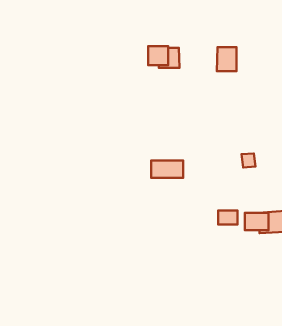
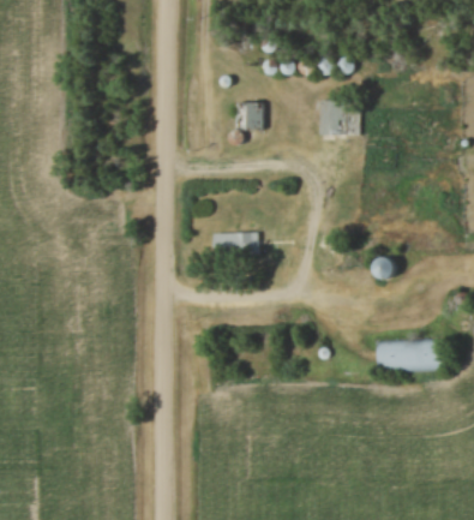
building: [151,161,183,178] -> [210,231,257,256]
building: [218,211,238,224] -> none

